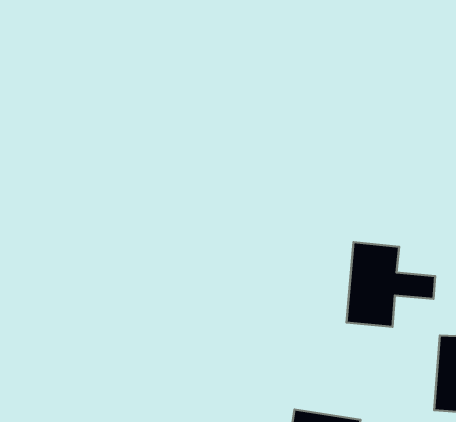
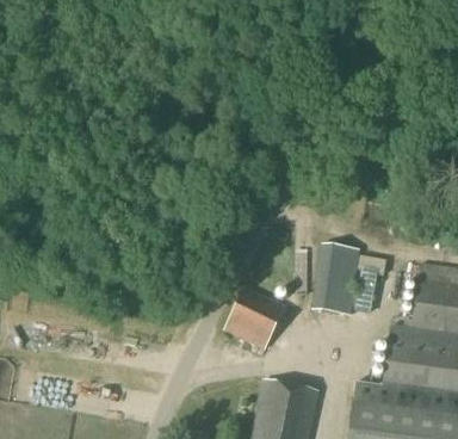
building: none -> [224,286,286,350]

